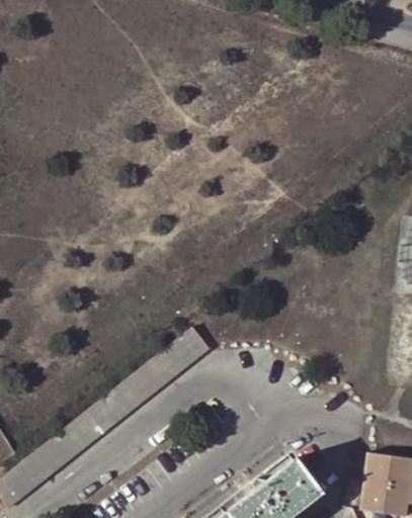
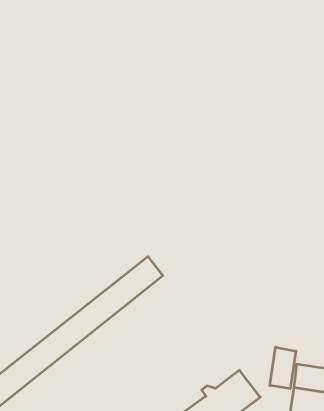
building: none -> [270,347,296,389]

